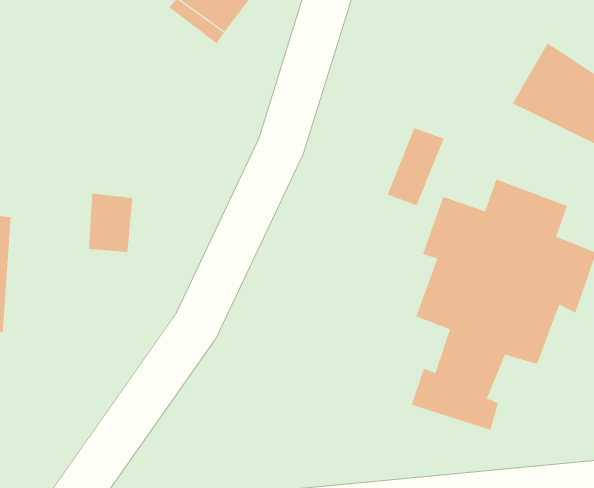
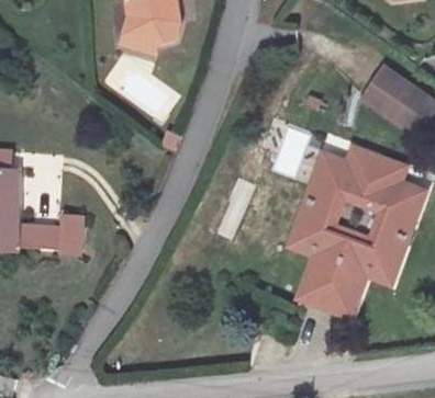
building: [88,193,133,252] -> [48,214,79,254]

